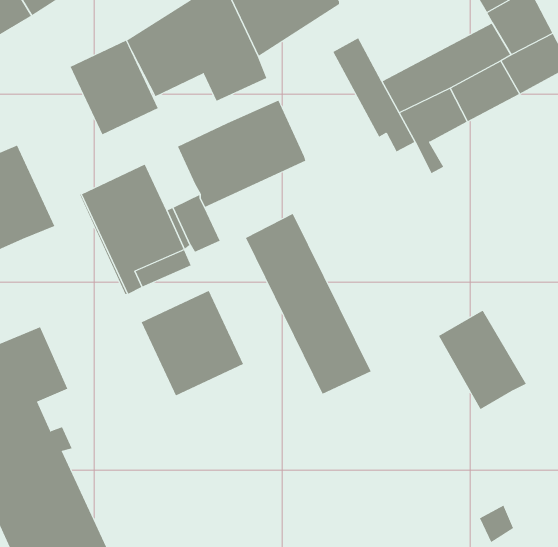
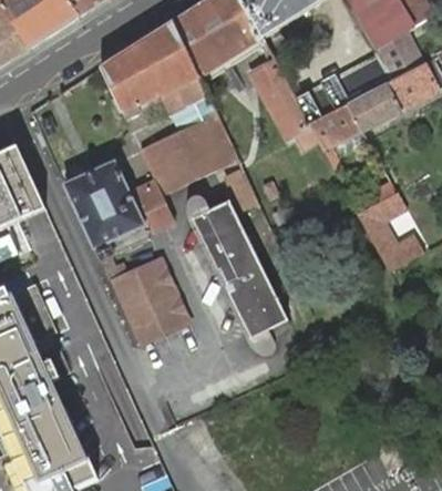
building: [70,40,158,135] -> none
building: [438,310,527,410] -> [357,193,424,269]

